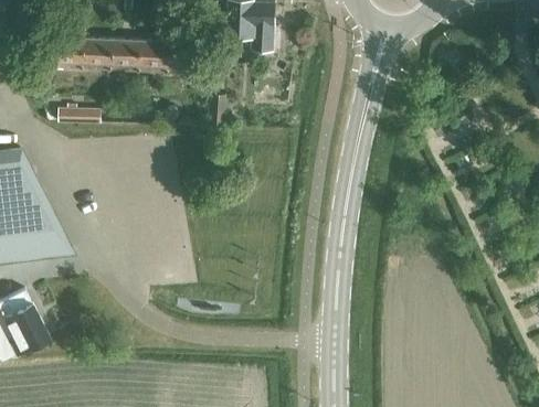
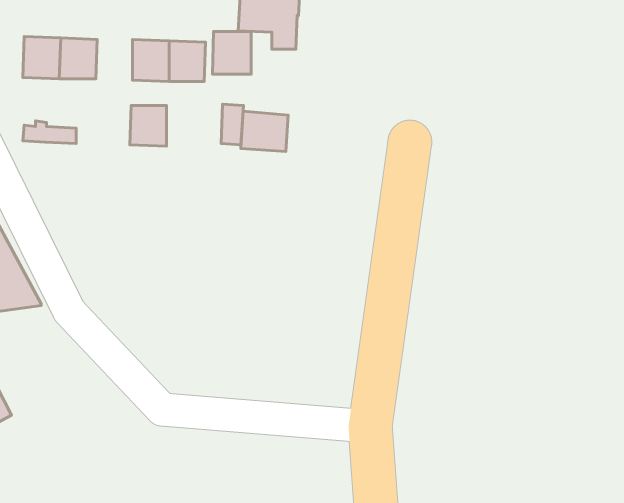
building: none -> [212,32,251,74]
building: [115,42,144,74] -> [130,106,166,146]
building: none -> [241,111,288,151]

